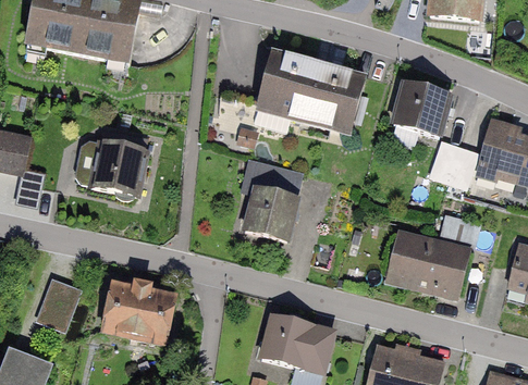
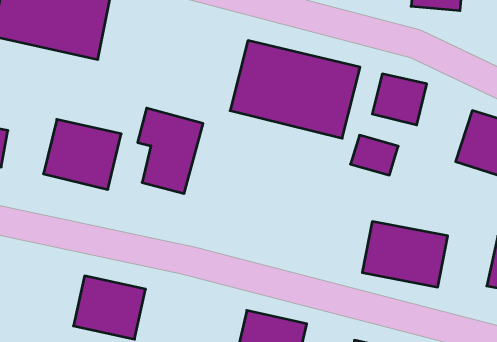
building: [433,142,480,182] -> [350,135,398,175]
building: [238,156,303,239] -> [138,108,203,193]
building: [35,276,77,328] -> none

